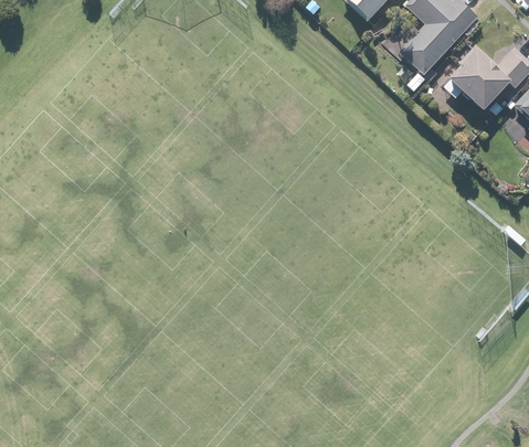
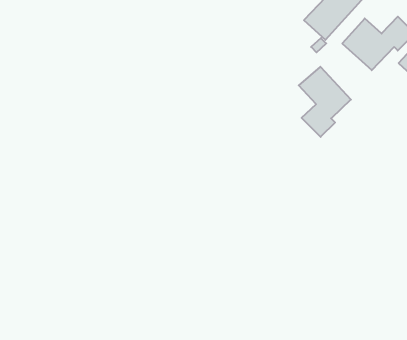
building: none -> [299,67,351,137]

